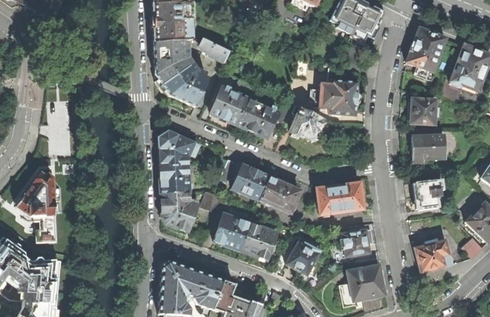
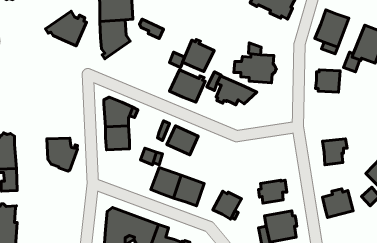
building: [159,64,207,105] -> [46,11,86,46]
building: [210,85,247,123] -> [183,39,214,72]
building: [411,134,445,158] -> none
building: [259,176,300,212] -> none
building: [316,182,363,213] -> none
building: [161,191,197,230] -> [47,138,78,171]

